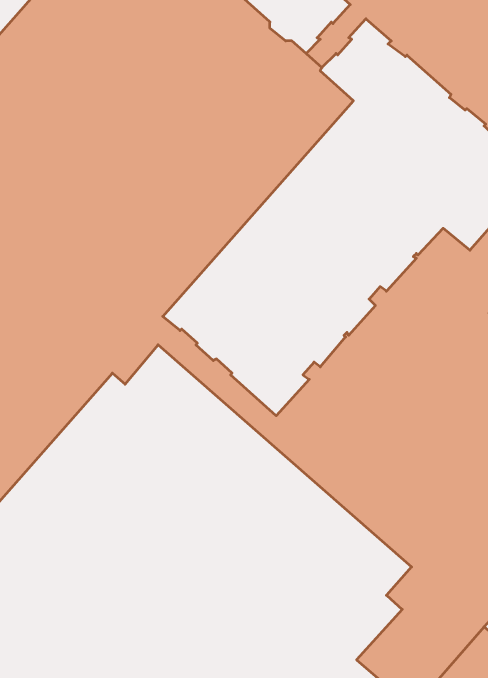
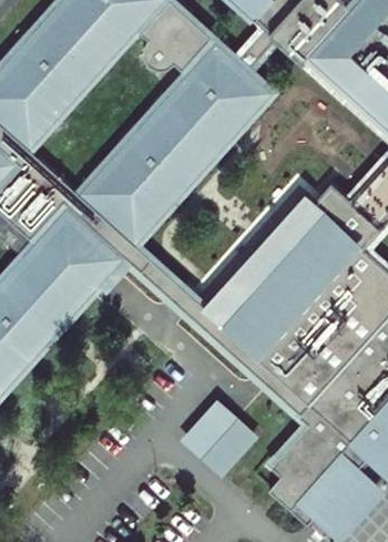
building: none -> [191,401,256,467]

